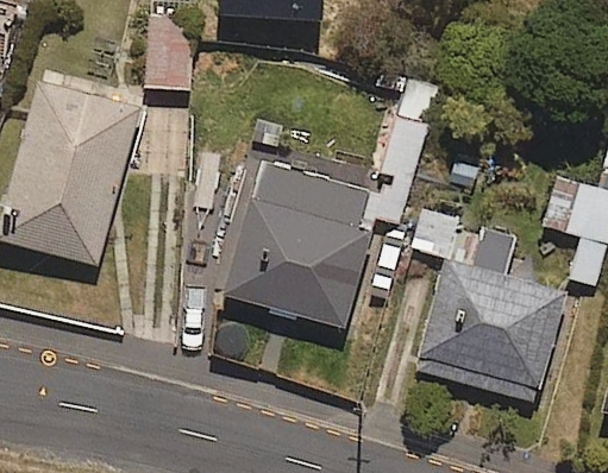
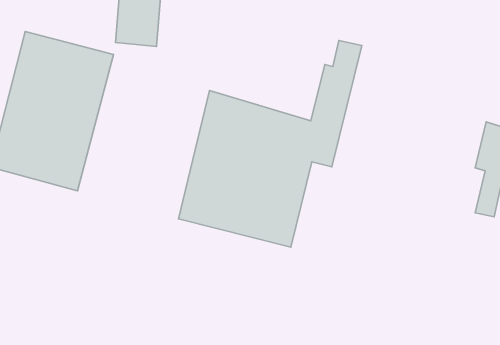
building: [412,212,565,404] -> none

